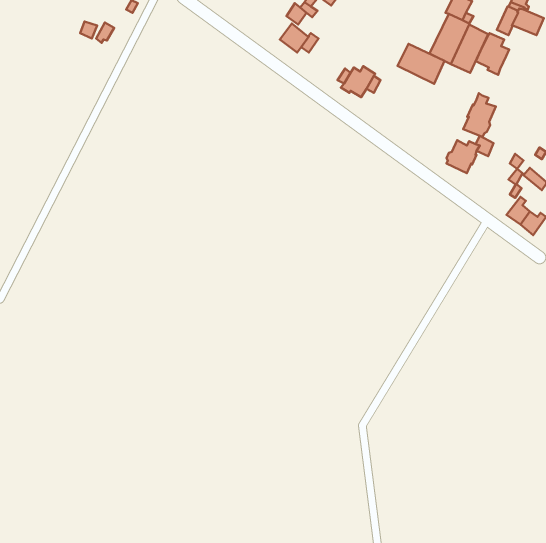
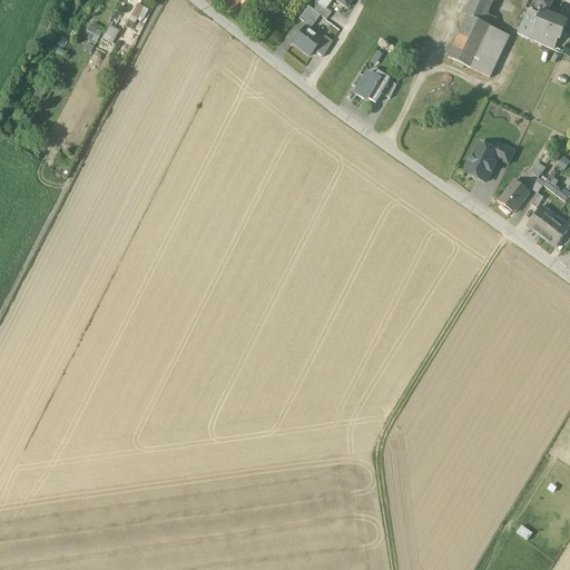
building: [476,33,509,75] -> none
building: [397,44,444,84] -> none
building: [463,93,496,137] -> none
building: none -> [499,179,530,210]

